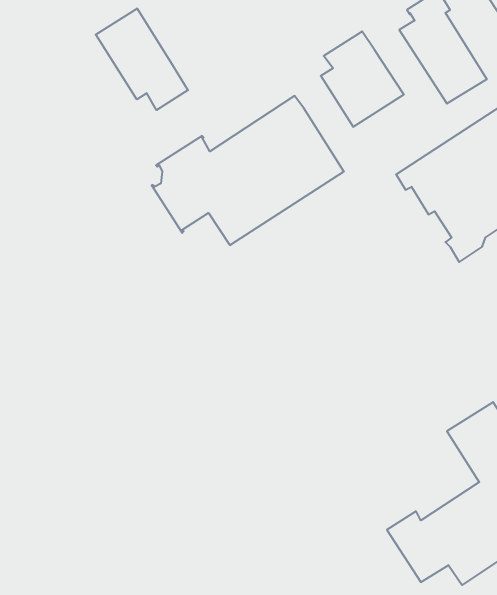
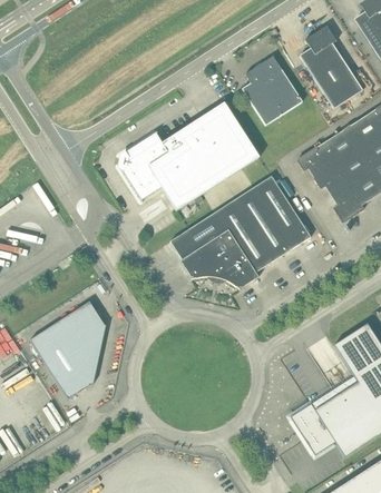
building: [96,8,188,110] -> none
building: none -> [169,176,310,289]
building: none -> [29,302,105,398]

